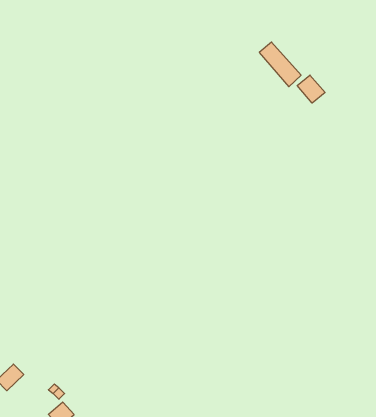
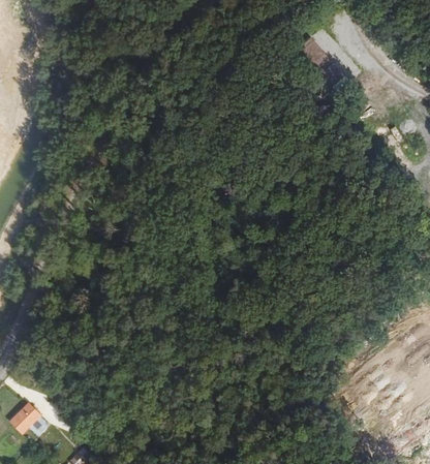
building: [297,75,325,103] -> none

